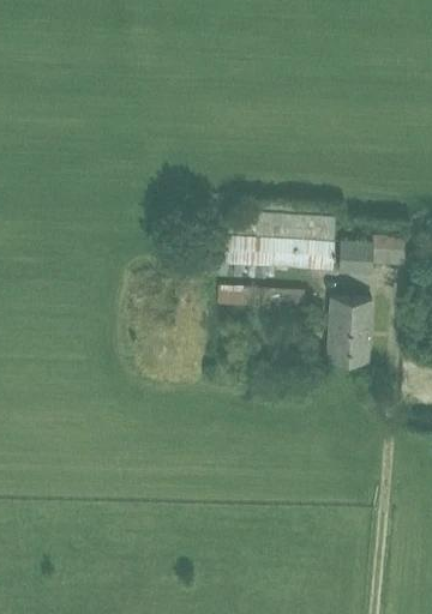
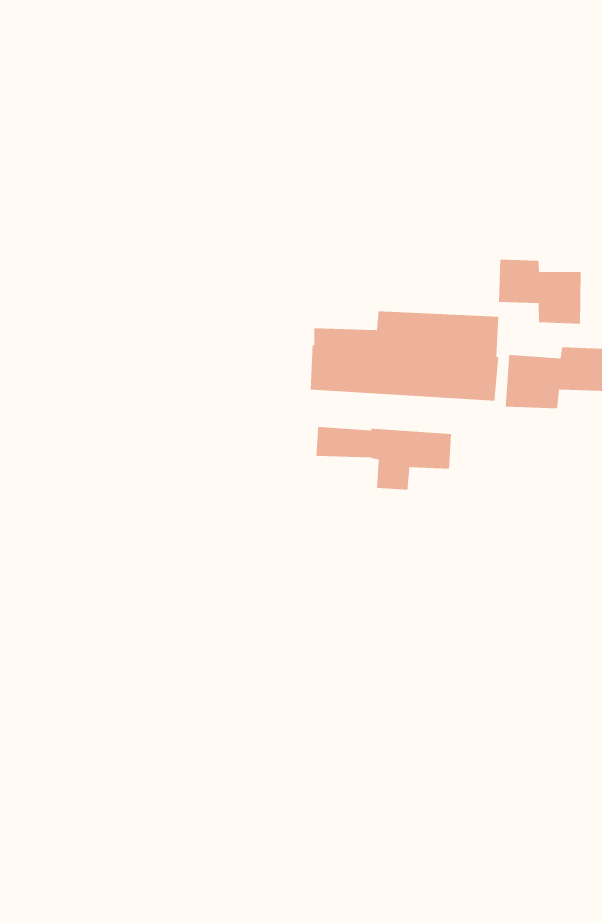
building: none -> [498,259,581,324]
building: [326,297,372,360] -> none

